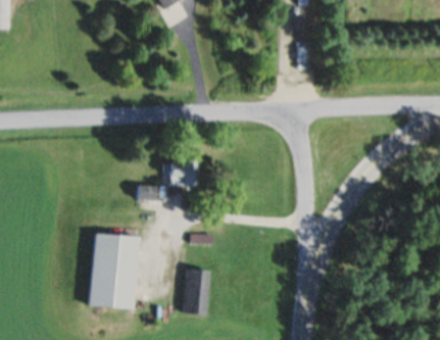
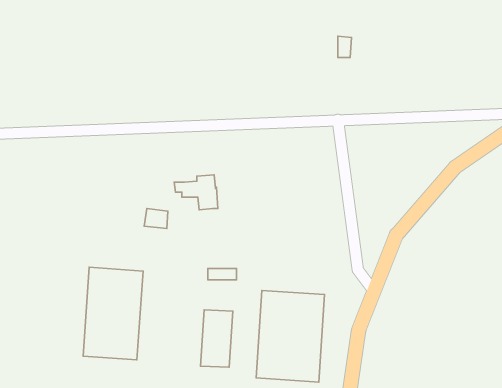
building: none -> [256,290,325,382]

